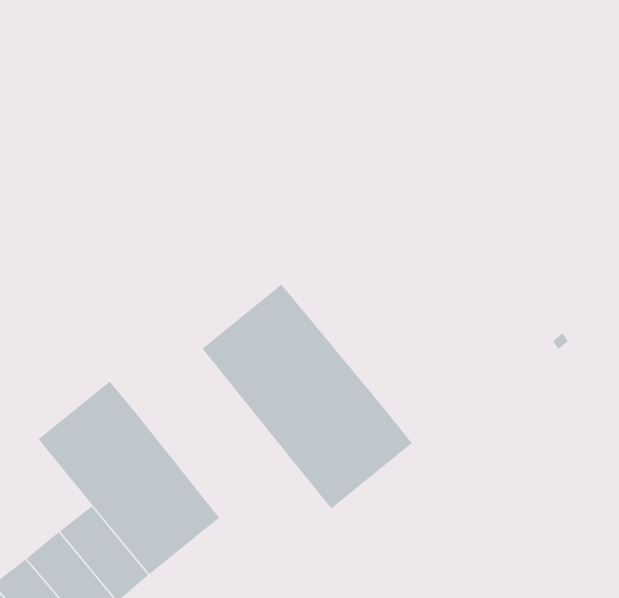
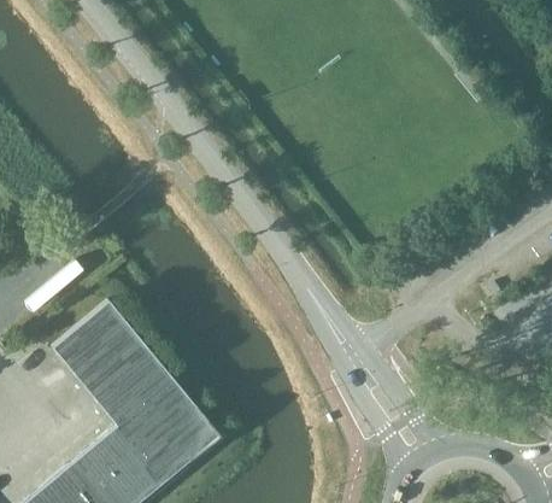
building: [202,283,413,510] -> none
building: none -> [52,300,131,374]

